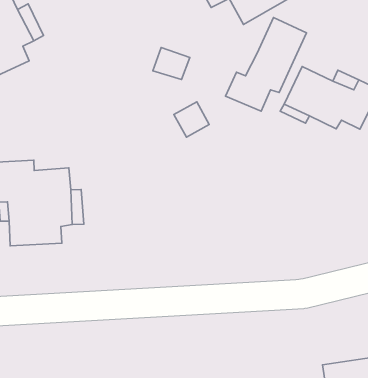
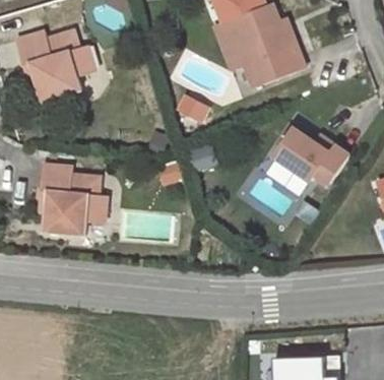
building: [225,18,307,111] -> none

